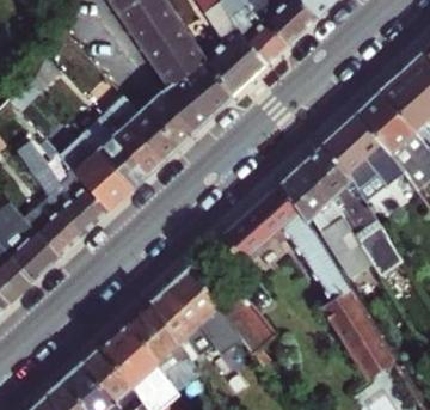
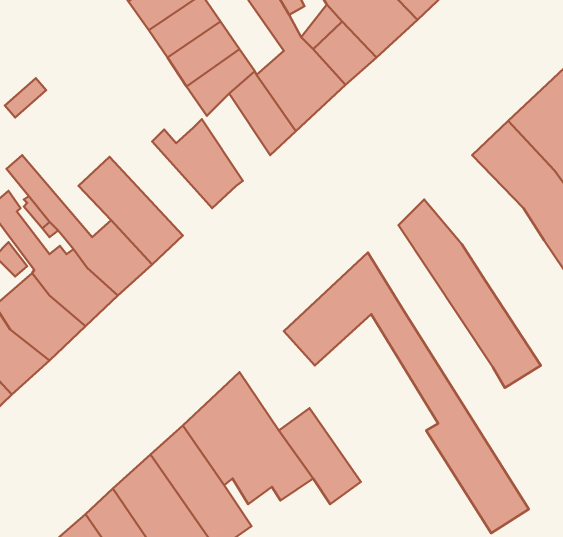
building: [165,71,213,131] -> none
building: [97,98,172,170] -> none
building: [320,114,404,202] -> none
building: [281,163,368,275] -> none

